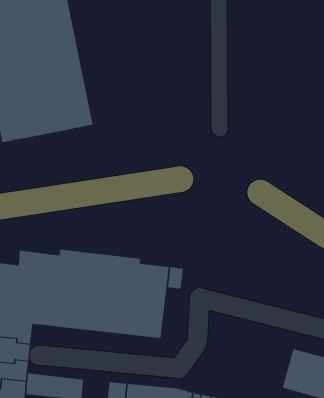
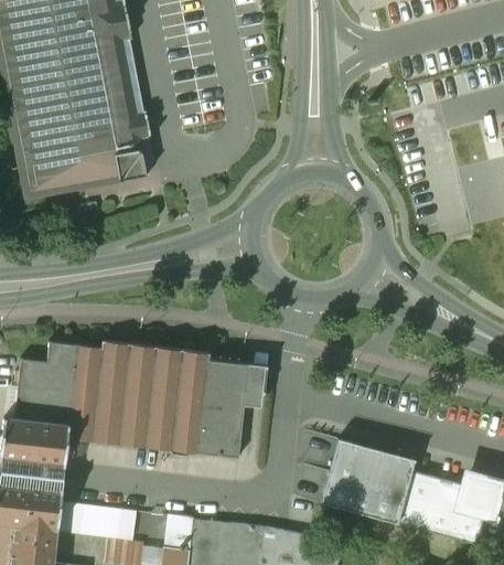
building: none -> [323,439,416,524]

